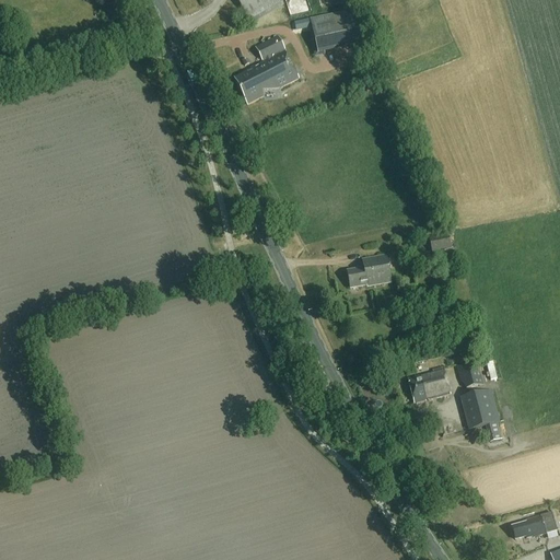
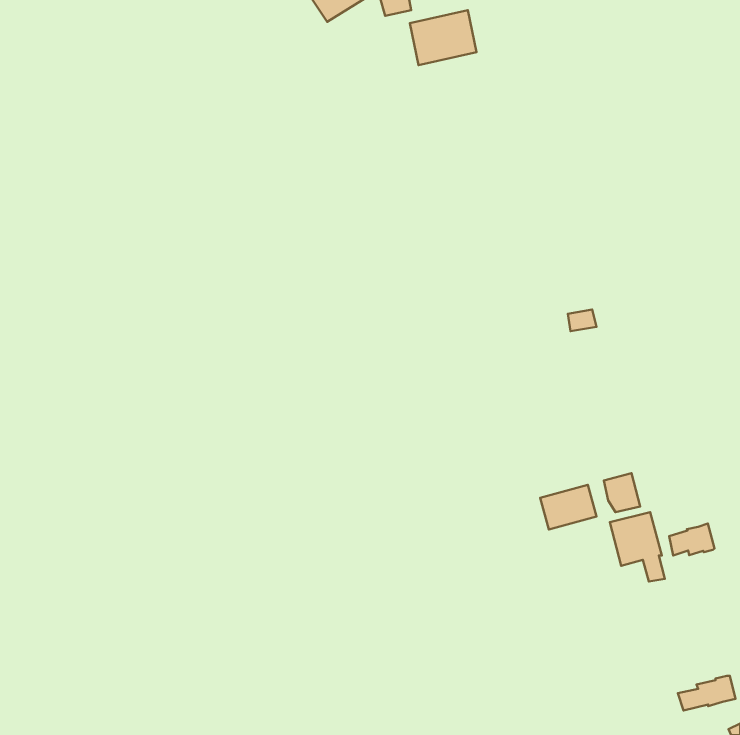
building: [233,34,300,103] -> none
building: [347,254,392,285] -> none
building: none -> [669,524,715,555]

